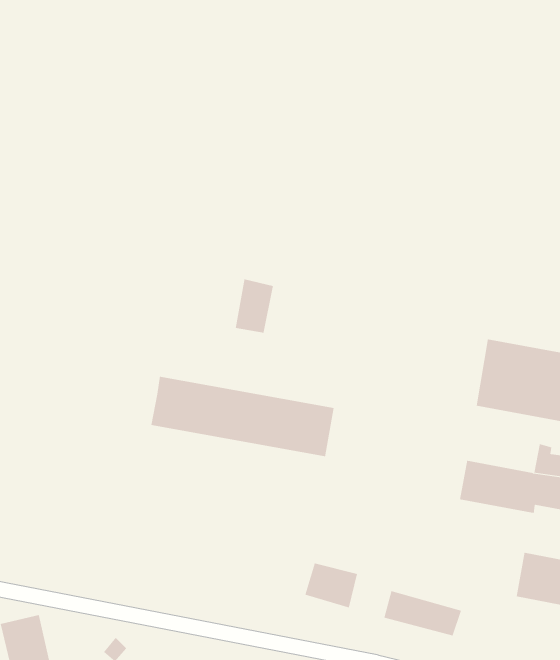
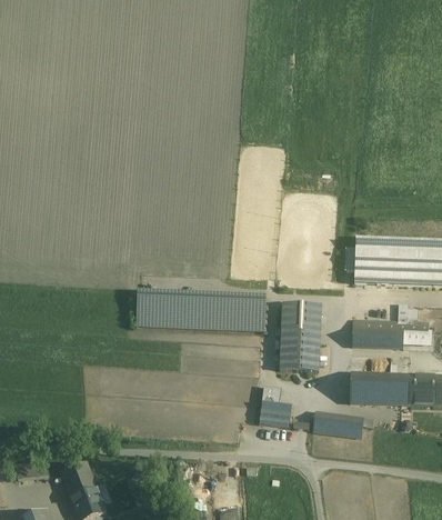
building: [235,279,274,333] -> none
building: none -> [279,303,321,372]
building: none -> [350,373,400,404]

